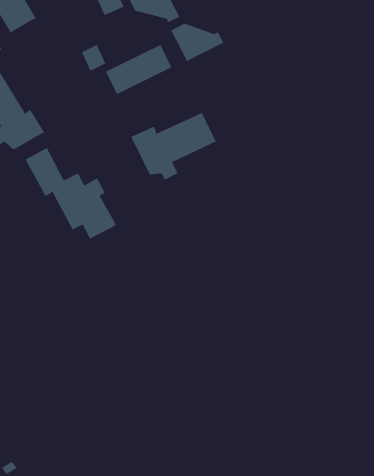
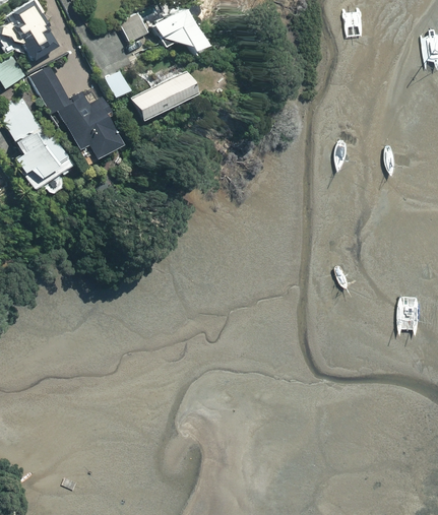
building: [171,23,224,62] -> none
building: [131,112,217,180] -> none
building: [25,147,117,239] -> [29,66,122,158]

